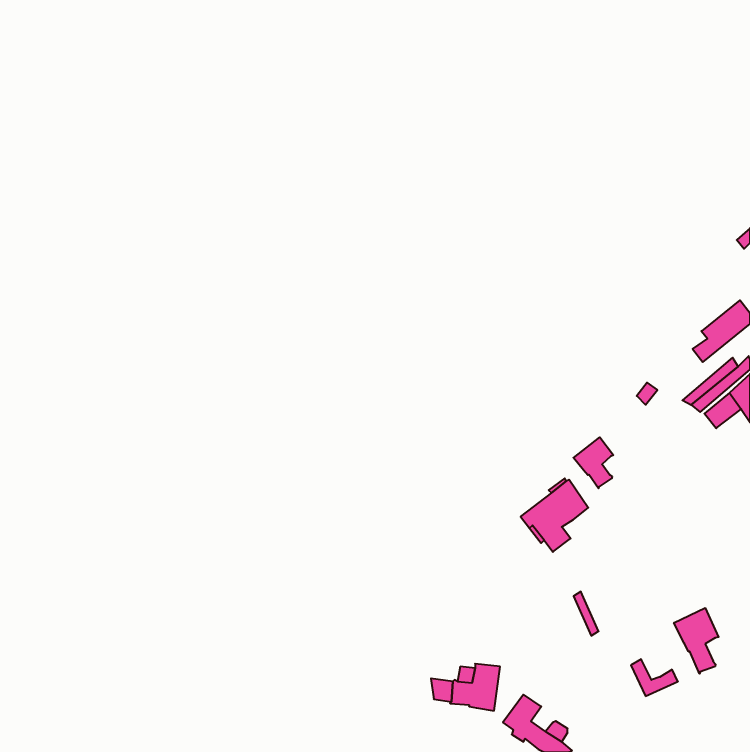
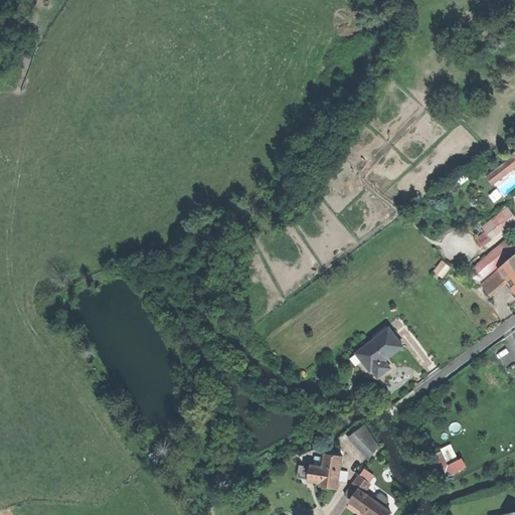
building: [573,437,613,488] -> none
building: [674,608,719,674] -> none
building: none -> [348,423,381,459]

